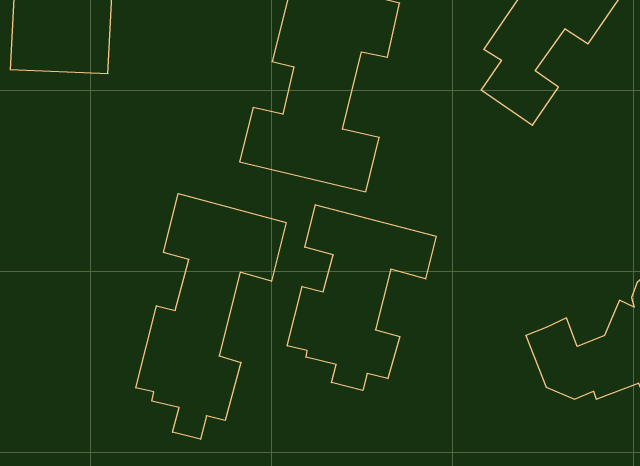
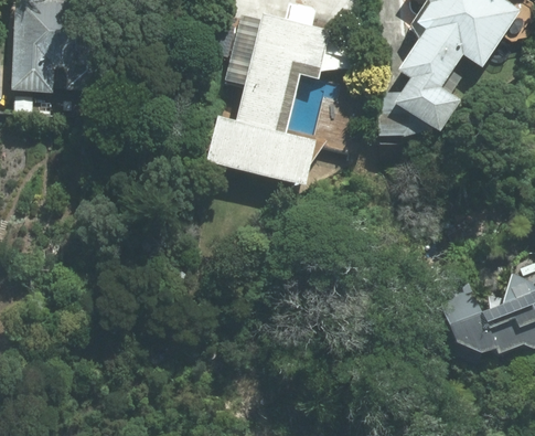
building: [136,194,286,439] -> none
building: [287,205,436,390] -> none

